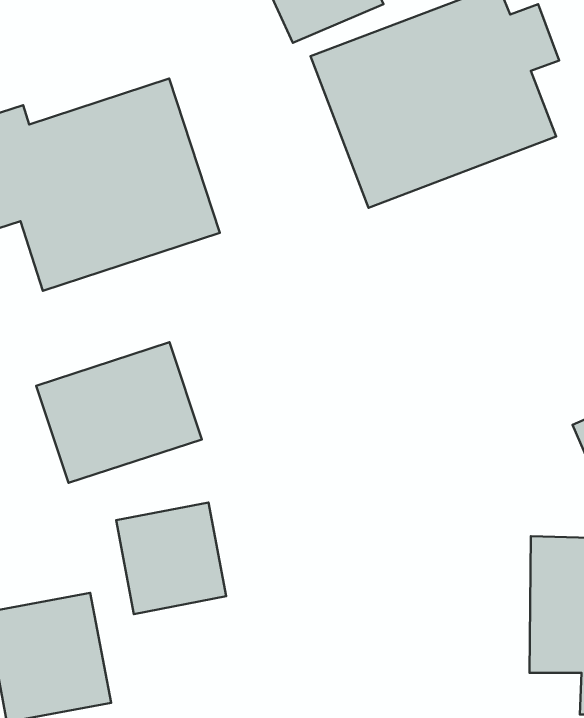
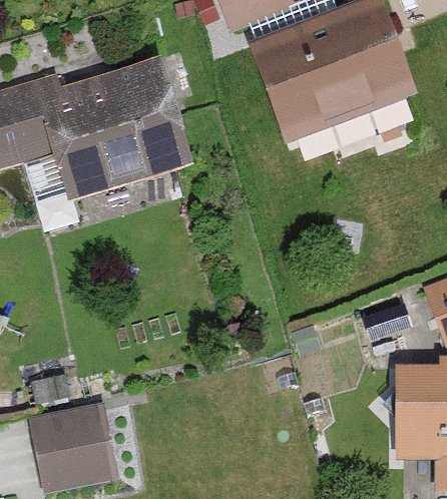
building: [36,342,202,483] -> none
building: [116,502,226,614] -> none

